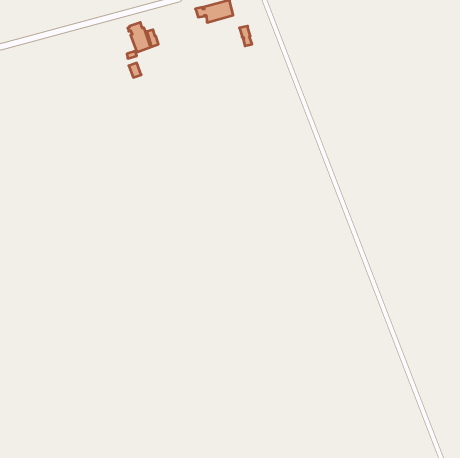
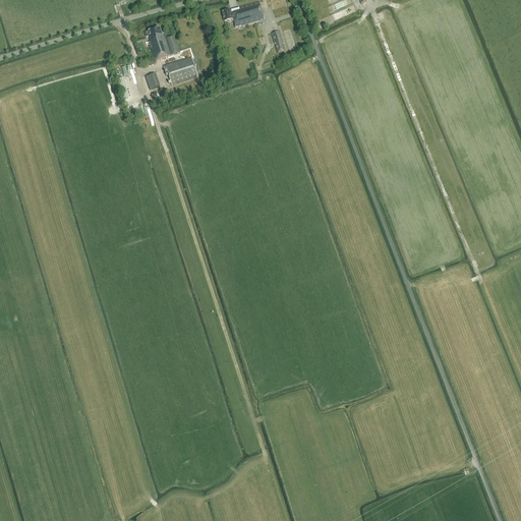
building: none -> [165,56,198,84]

